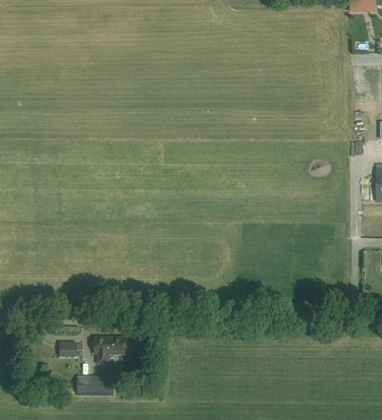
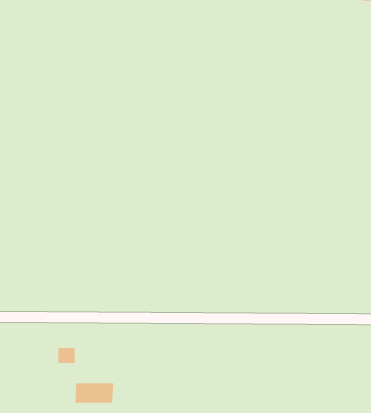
building: [98,337,128,362] -> none

